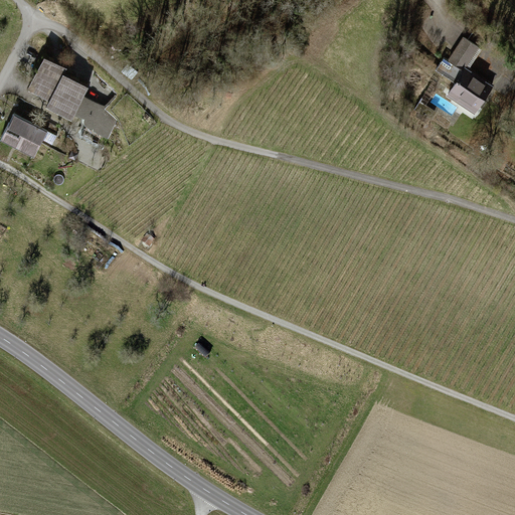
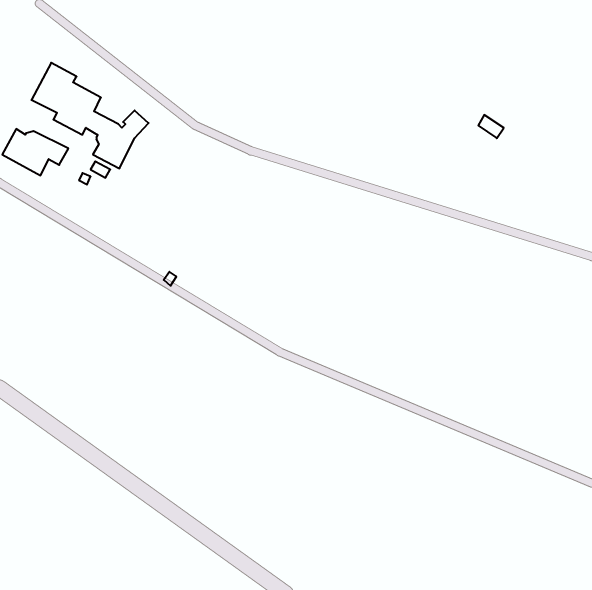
building: [436,40,492,115] -> none

